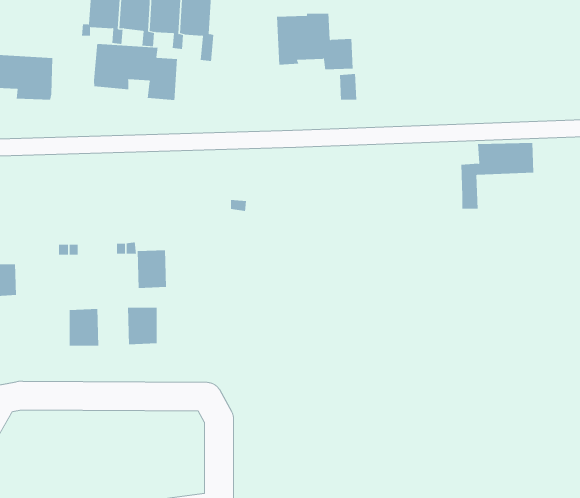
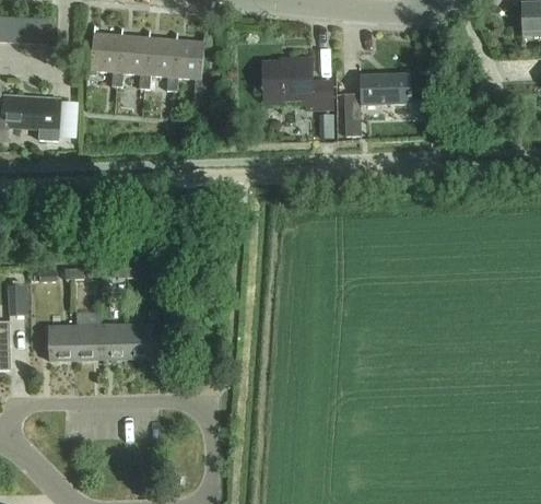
building: [93,43,177,101] -> none
building: [460,143,534,209] -> [344,74,411,134]
building: [137,250,167,288] -> [101,324,128,359]
building: none -> [47,326,74,360]

